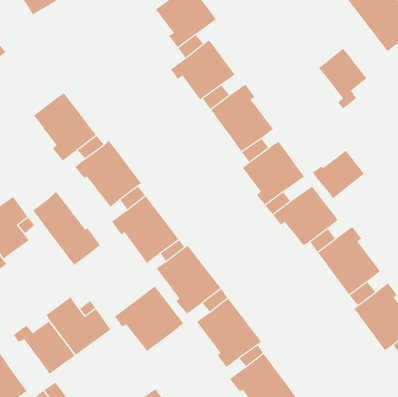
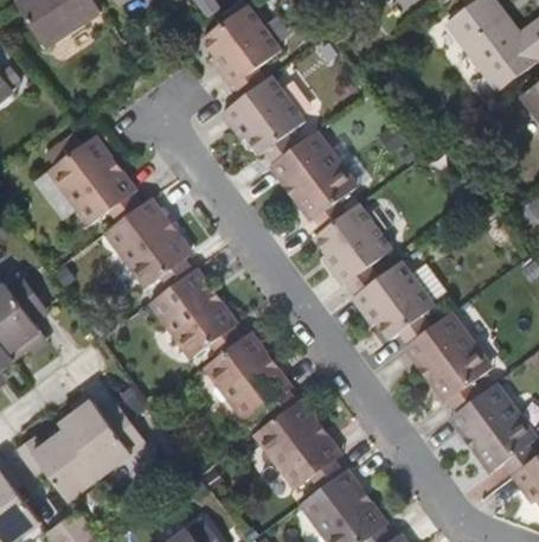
building: [318,48,367,109] -> none
building: [312,150,365,199] -> none
building: [33,191,101,266] -> none
building: [114,286,184,352] -> none

